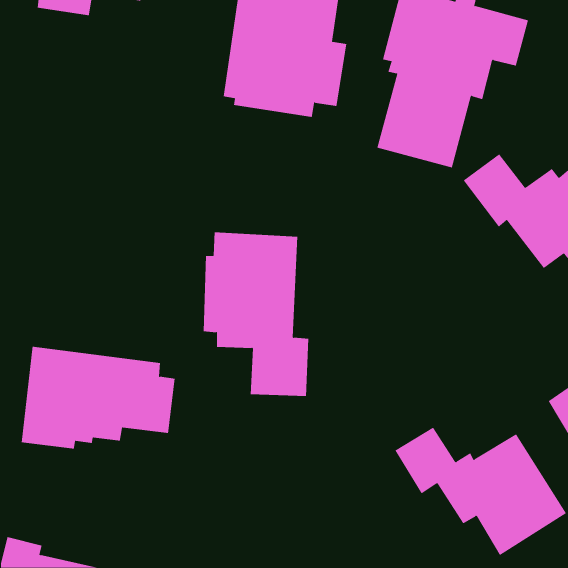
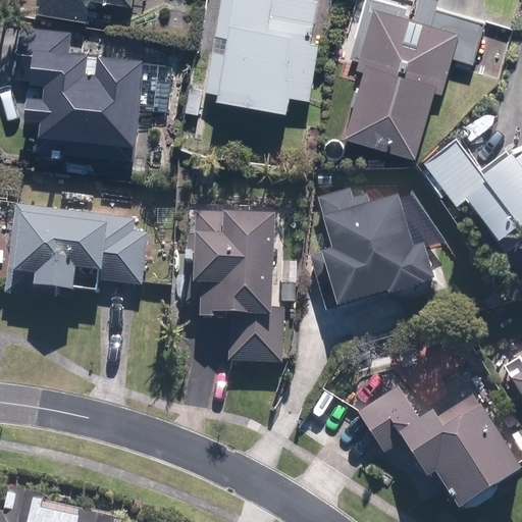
building: none -> [19,24,146,157]
building: none -> [313,187,432,309]
building: [21,346,175,449] -> [8,203,149,297]

